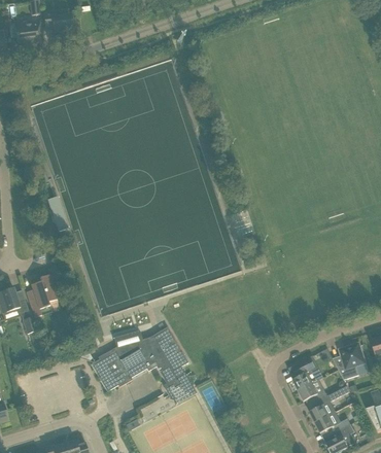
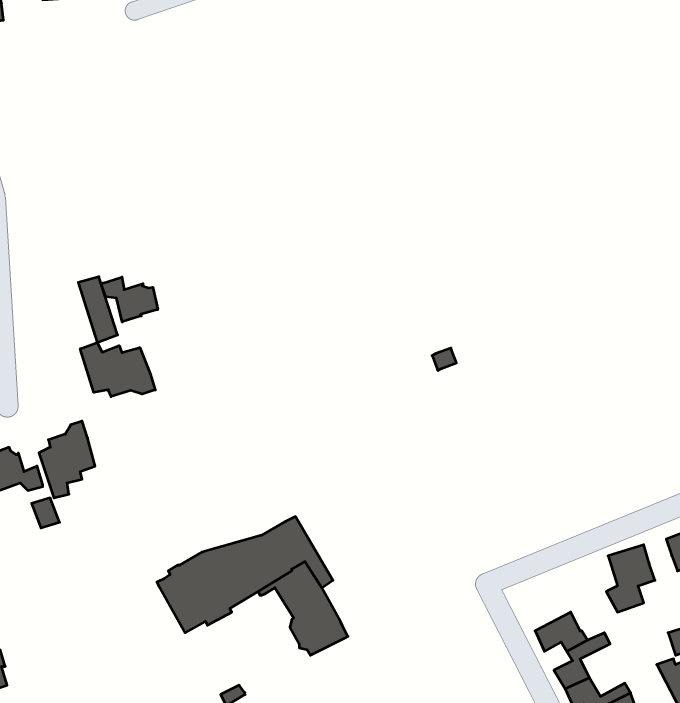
building: none -> [101,277,158,322]
building: none -> [80,342,155,397]
building: [292,359,318,389] -> none

